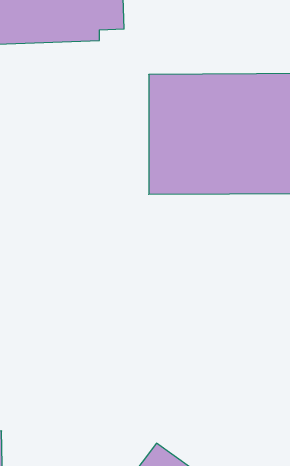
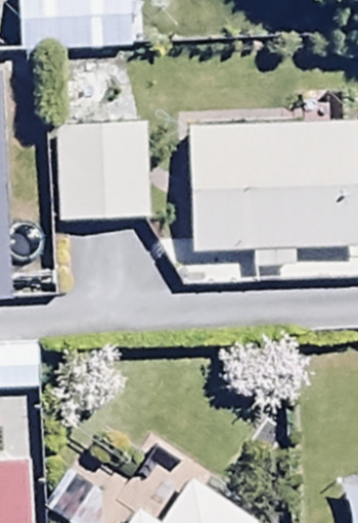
building: none -> [57,101,150,202]

